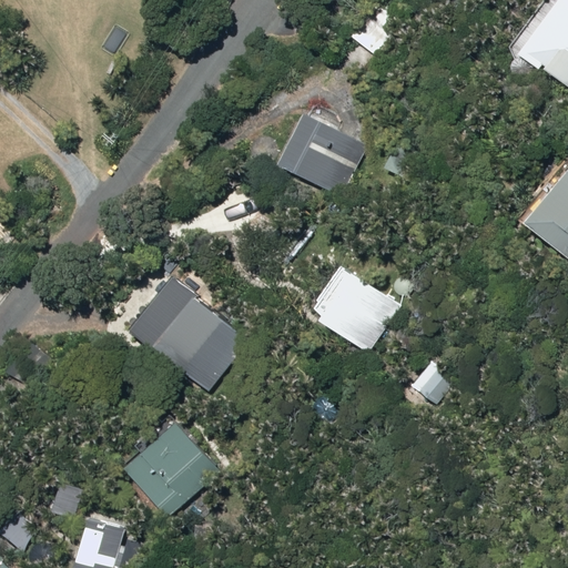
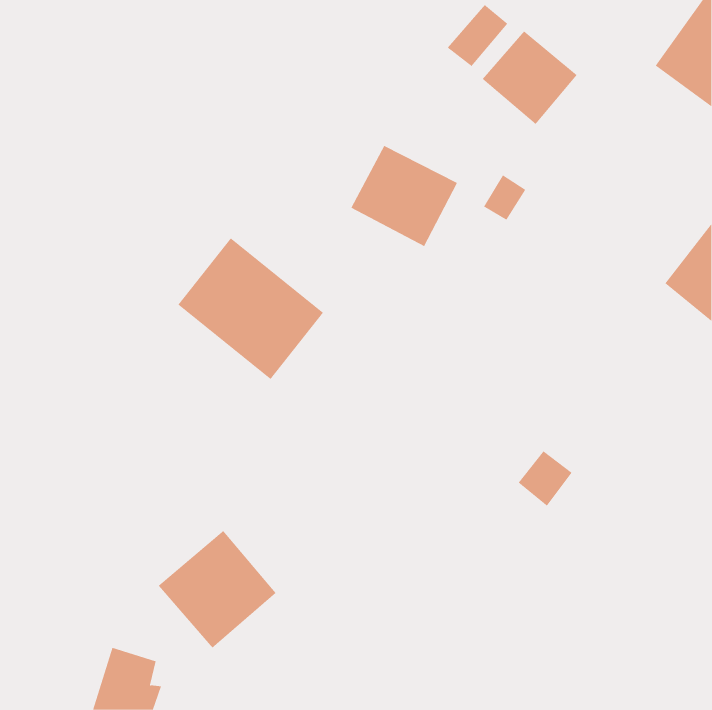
building: none -> [482,31,578,125]
building: [321,271,400,351] -> none
building: [129,277,245,390] -> [177,238,324,380]

